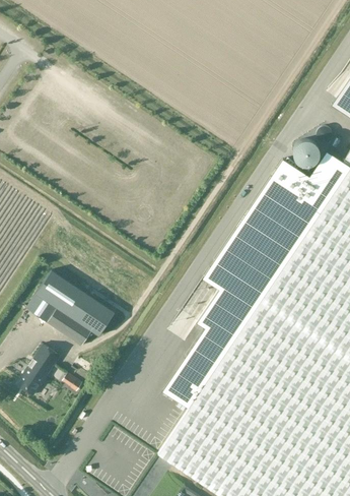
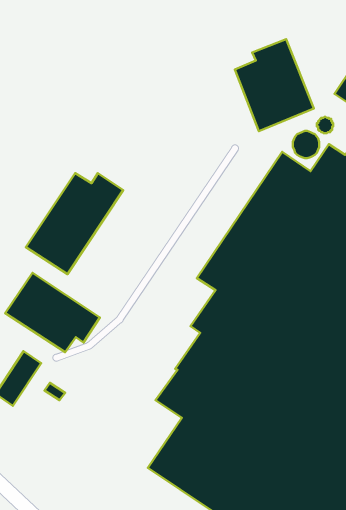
building: none -> [235,39,314,131]
building: none -> [26,173,123,274]

